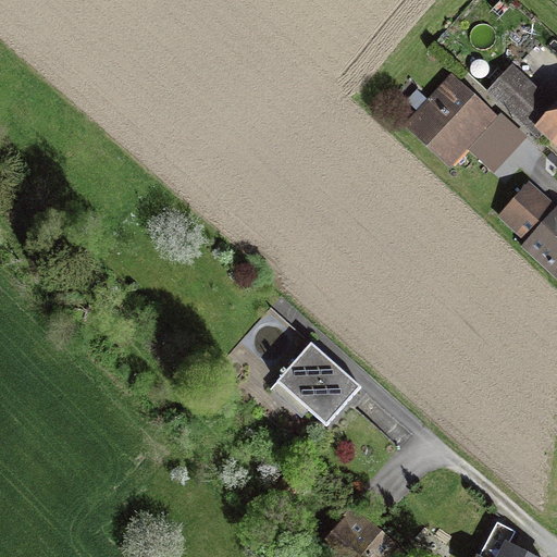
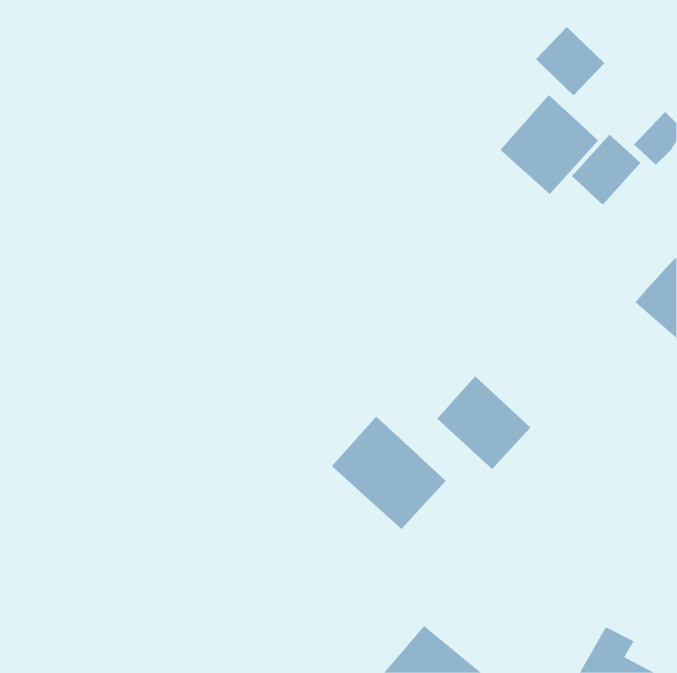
building: [488,61,546,119] -> [535,26,605,96]
building: [506,195,552,239] -> none
building: none -> [437,375,531,470]

